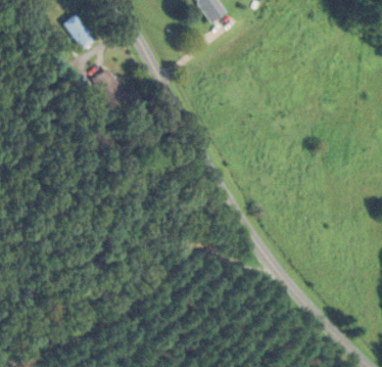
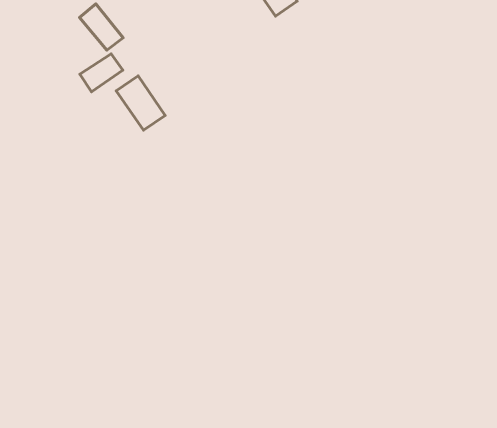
building: none -> [80,54,123,92]

